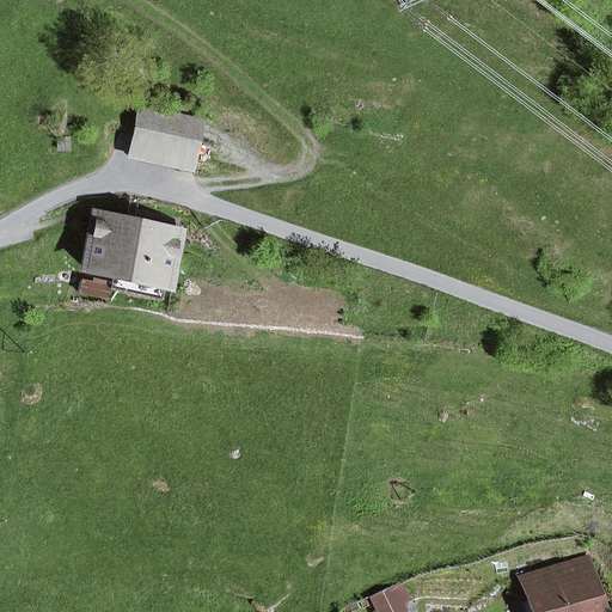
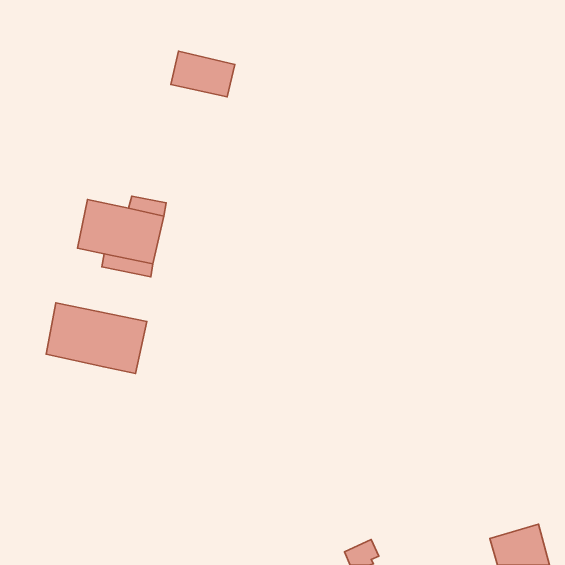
building: [130,120,200,169] -> [171,51,235,97]
building: none -> [46,303,147,373]

